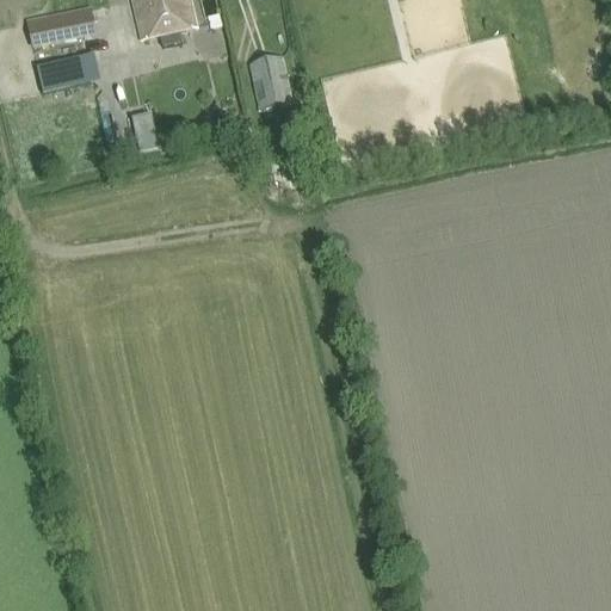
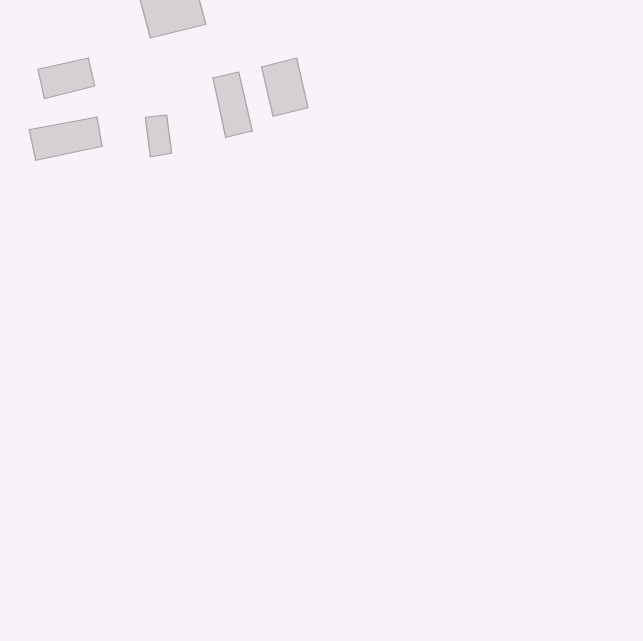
building: [24,6,93,47] -> [29,117,102,160]
building: none -> [213,72,252,138]

